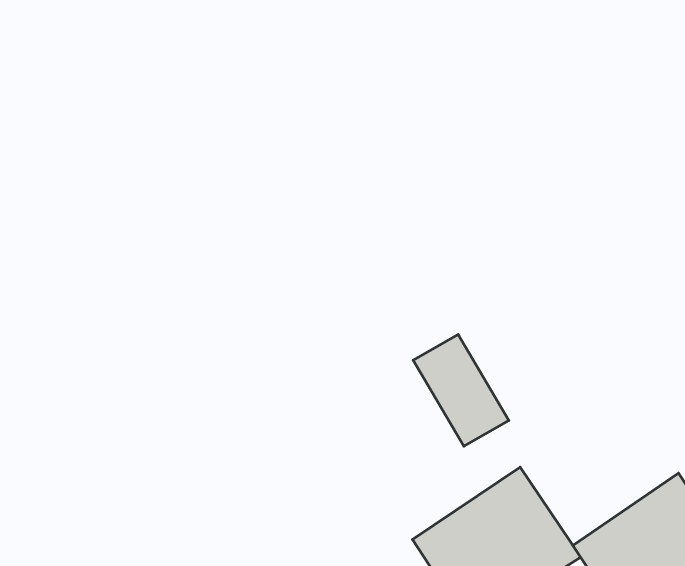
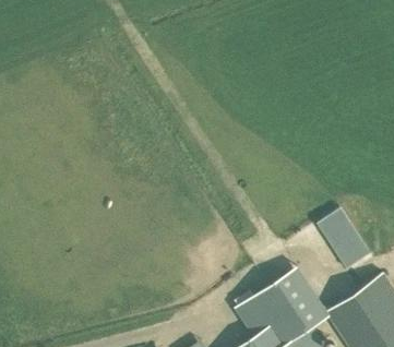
building: [413,335,509,446] -> [320,202,373,264]

